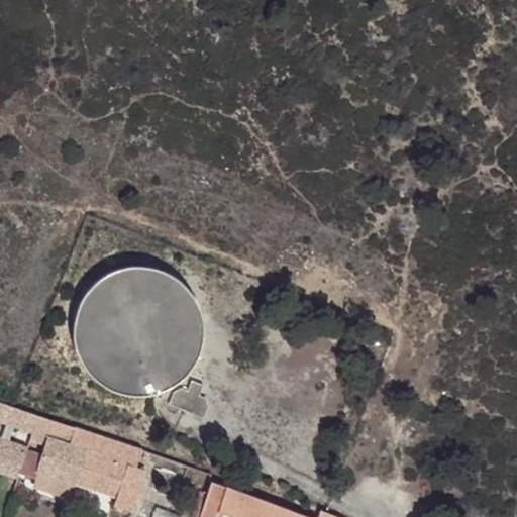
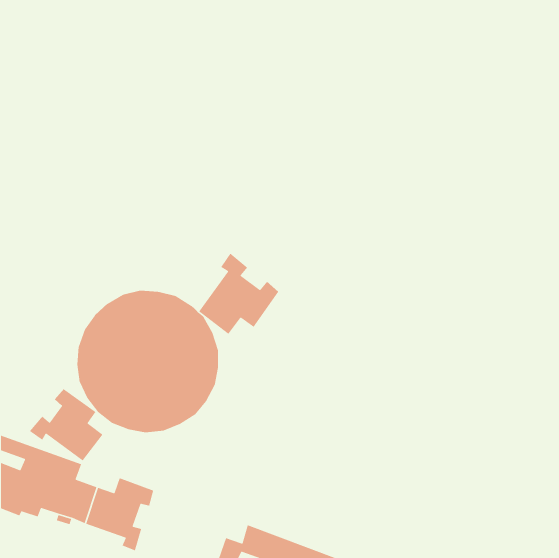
building: none -> [198,253,279,335]
building: none -> [29,388,104,461]

